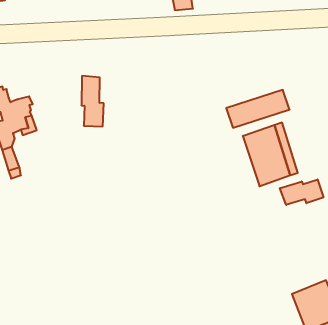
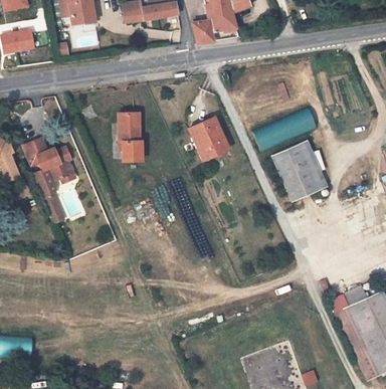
building: none -> [187,117,225,160]
building: [280,179,323,205] -> none

